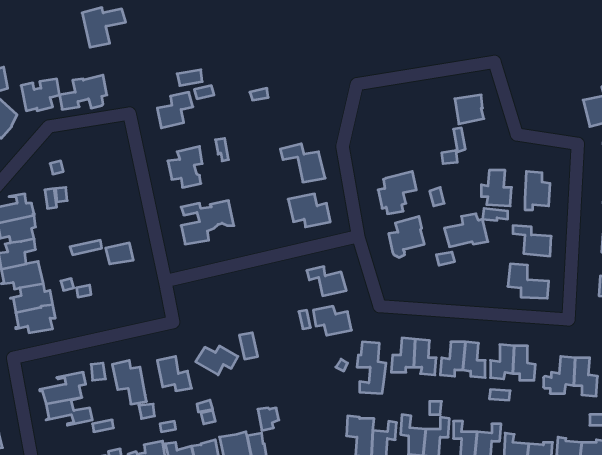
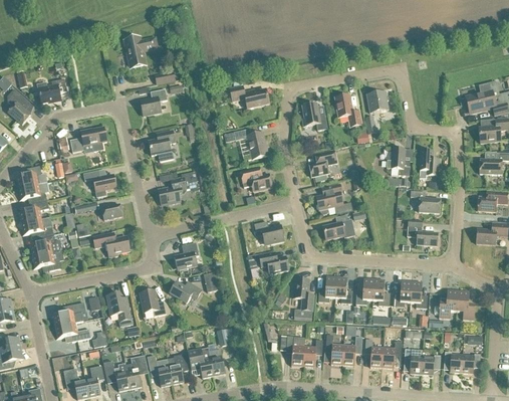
building: [82,8,126,47] -> [124,36,158,66]
building: [59,75,107,109] -> [70,126,106,152]
building: none -> [229,85,269,109]
building: none -> [334,94,361,127]
building: none -> [302,103,327,130]
building: none -> [83,169,116,197]
building: [444,214,488,247] -> [322,214,355,239]
building: none -> [93,232,130,256]
building: none -> [176,242,199,268]

